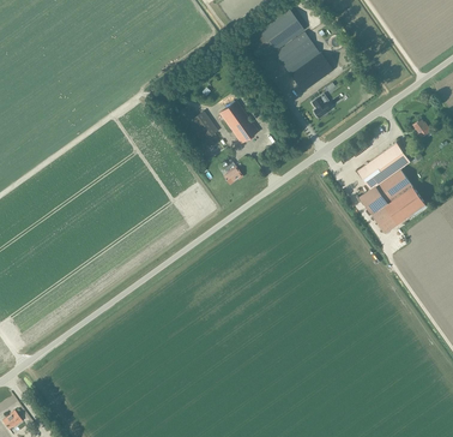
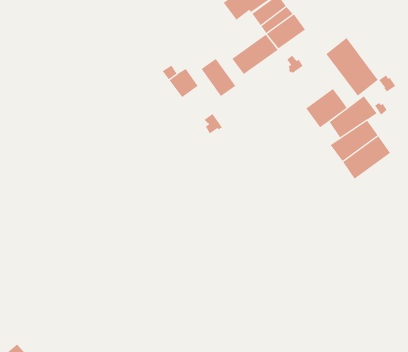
building: none -> [231,34,278,75]
building: none -> [326,37,379,97]
building: none -> [305,88,348,128]

